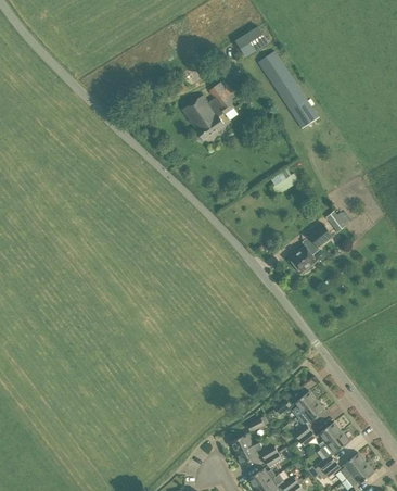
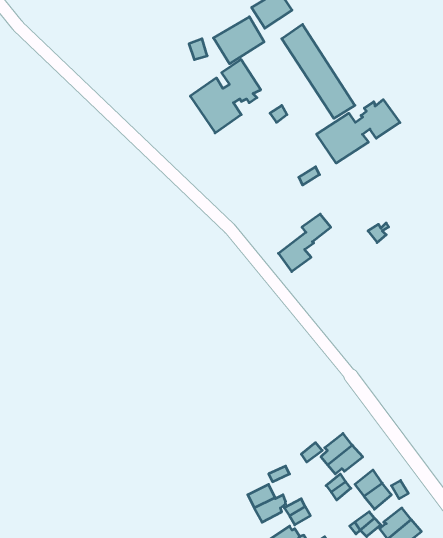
building: none -> [213,17,264,64]
building: none -> [317,100,400,163]
building: [290,225,333,273] -> [278,214,331,272]

